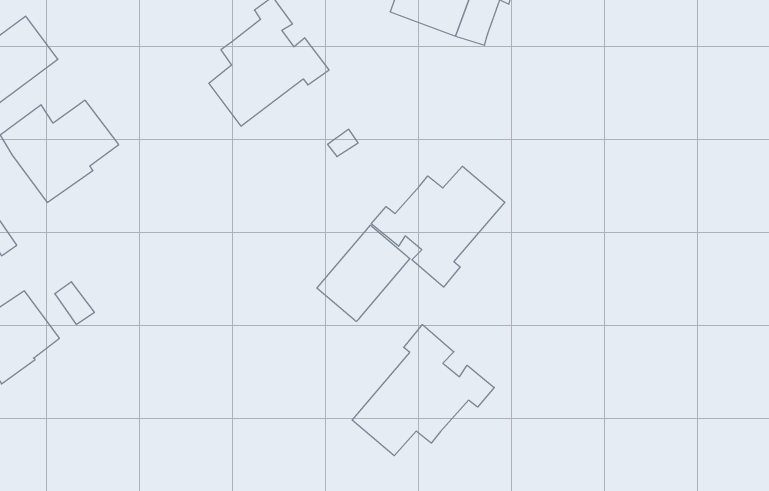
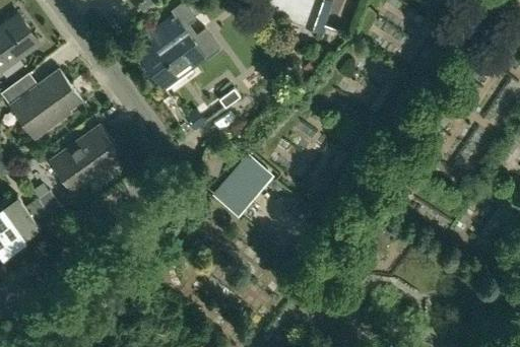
building: [371,166,505,287] -> none
building: none -> [51,126,120,194]
building: [352,325,494,456] -> none

